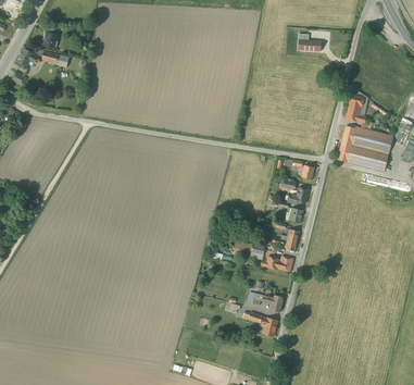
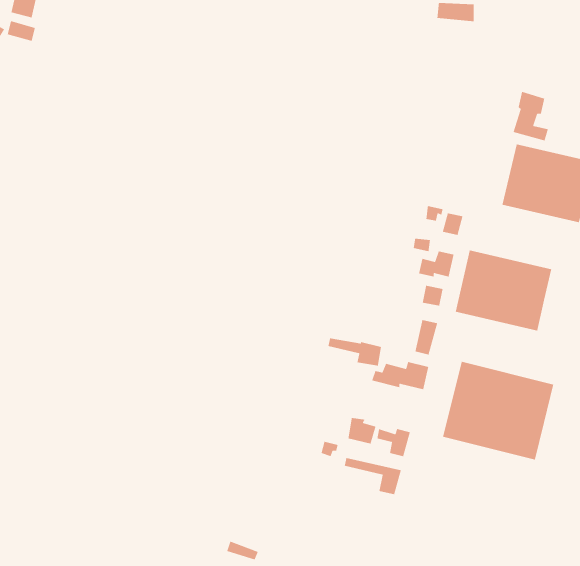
building: none -> [455,249,552,332]
building: none -> [442,361,554,460]

